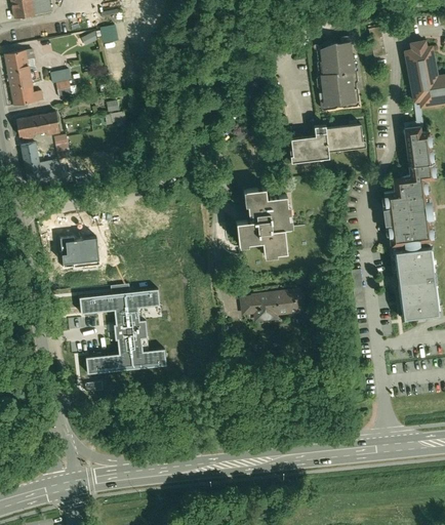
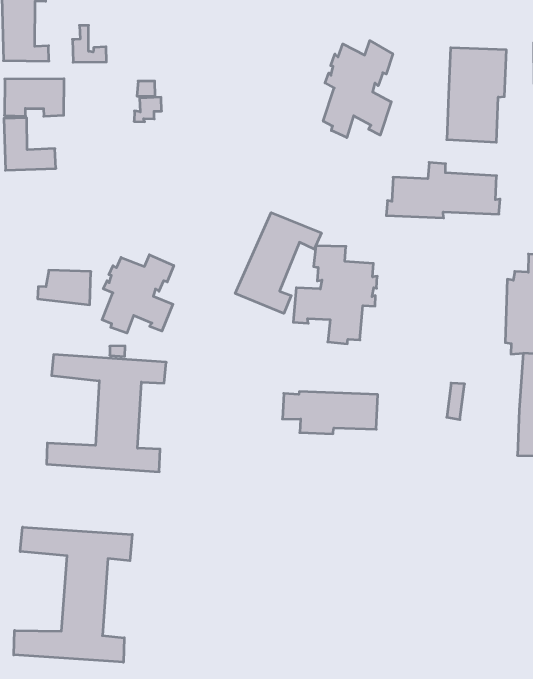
building: none -> [323,41,393,138]
building: none -> [235,213,321,313]
building: none -> [102,255,174,333]
building: none -> [14,527,132,662]

